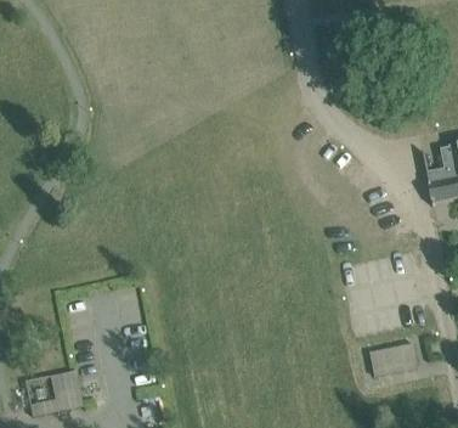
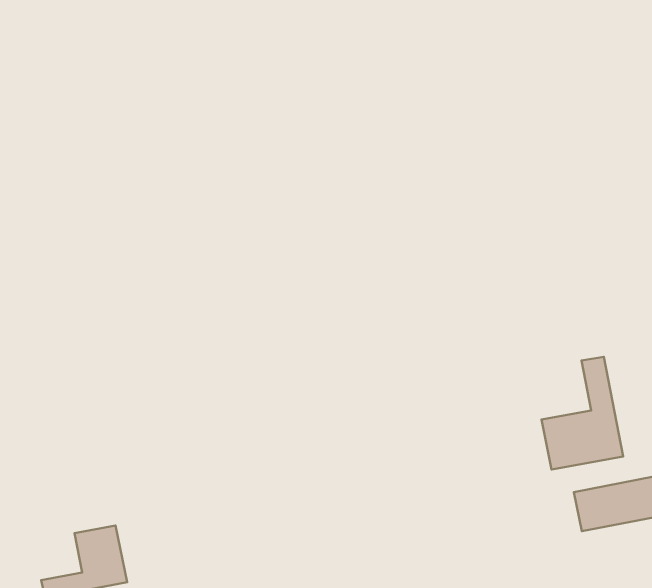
building: none -> [542,357,623,469]

